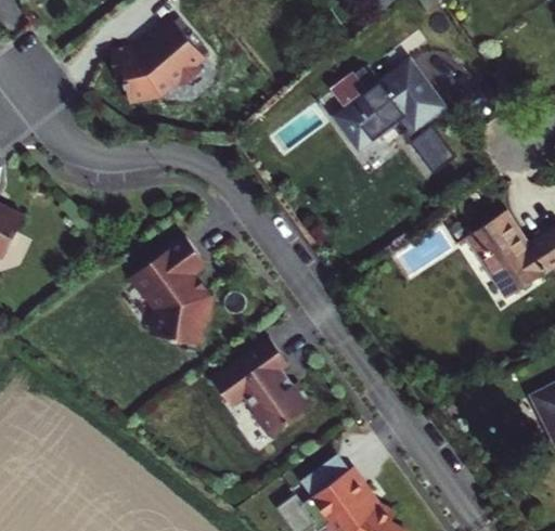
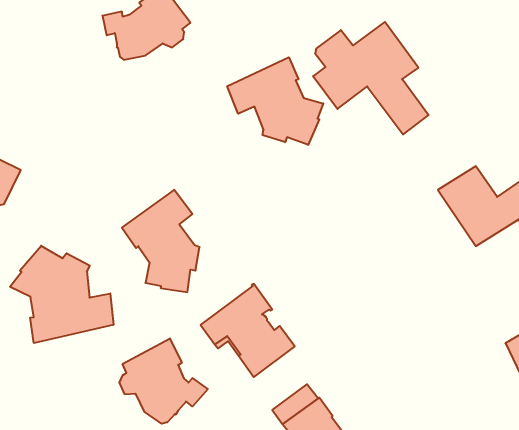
building: none -> [227,57,323,145]
building: none -> [10,246,113,343]
building: none -> [119,338,208,424]

